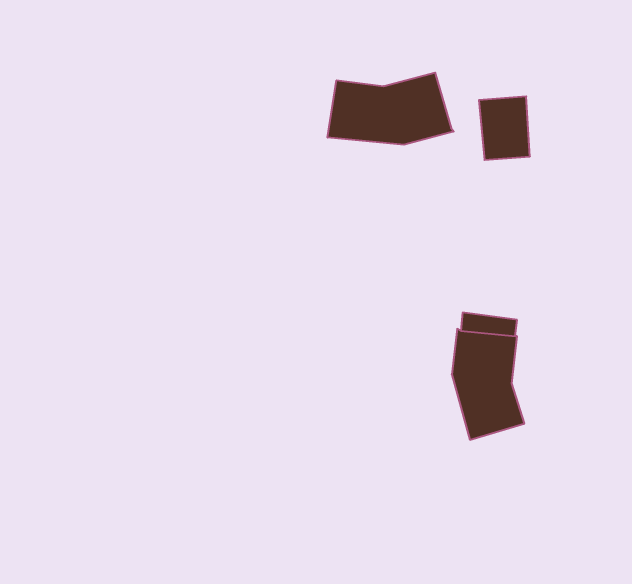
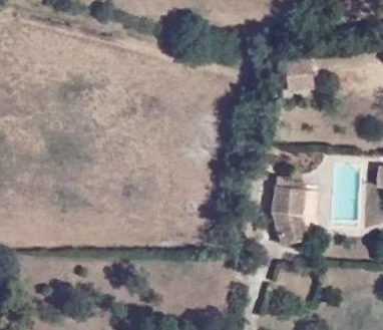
building: [328,73,454,145] -> none

